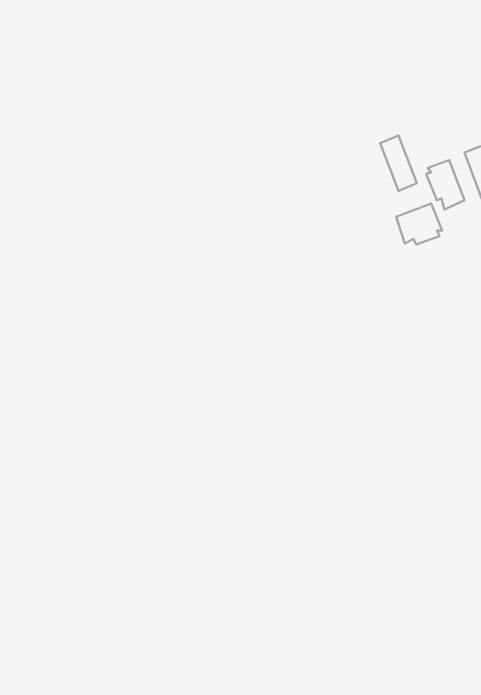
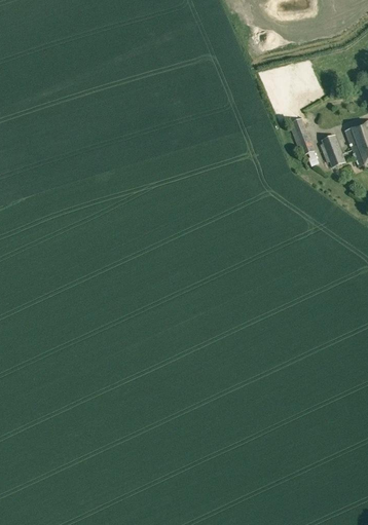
building: [396,203,442,244] -> none

